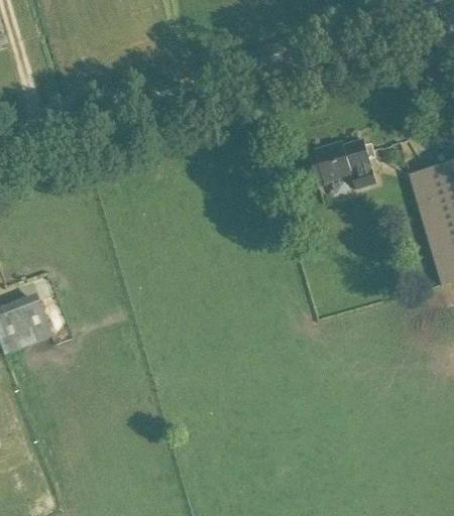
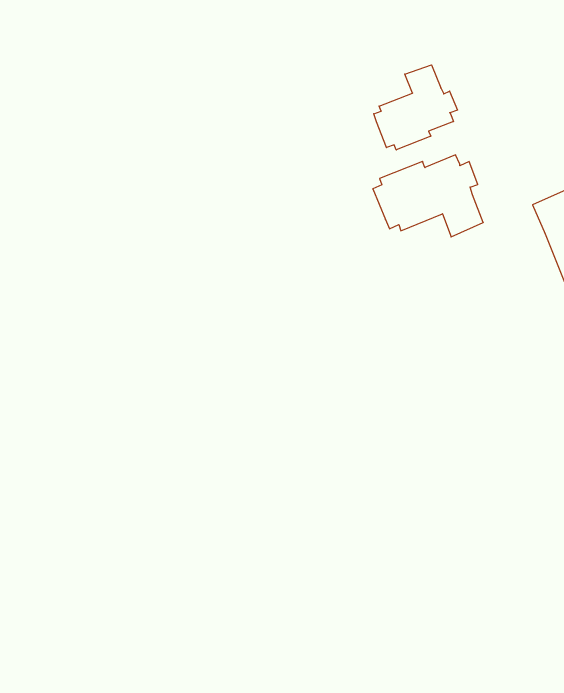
building: none -> [374,65,457,150]

